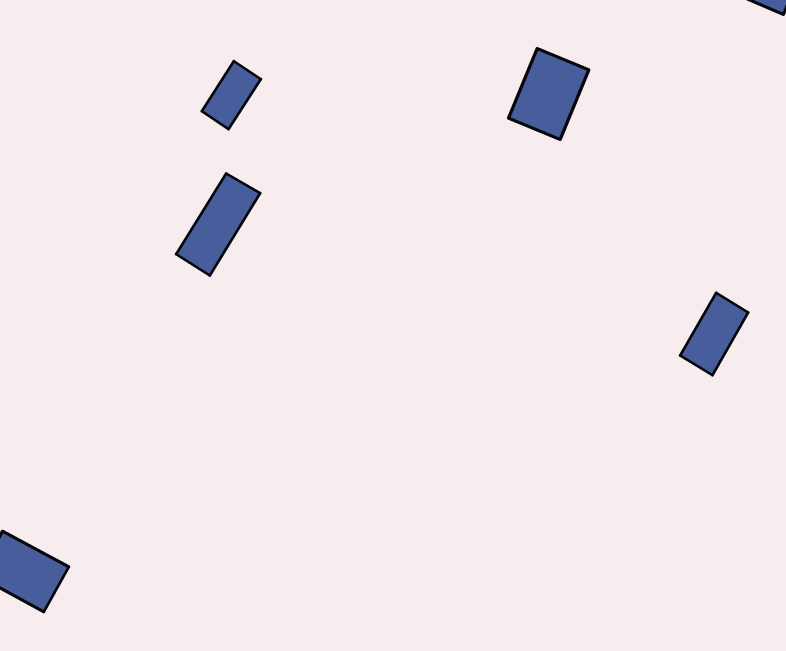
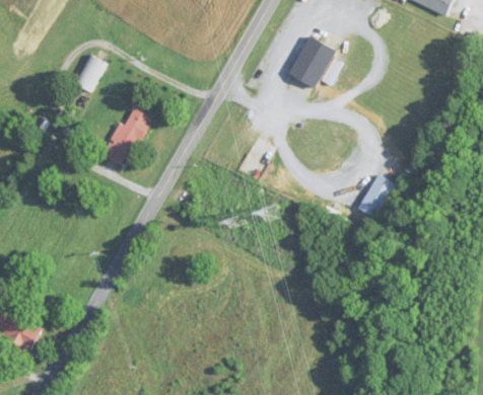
building: [202,61,261,129] -> [72,54,106,92]
building: [680,293,748,375] -> [356,173,395,220]

